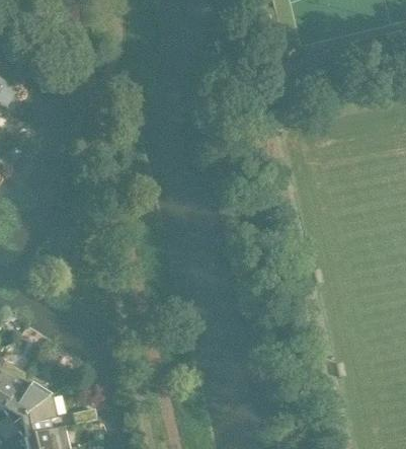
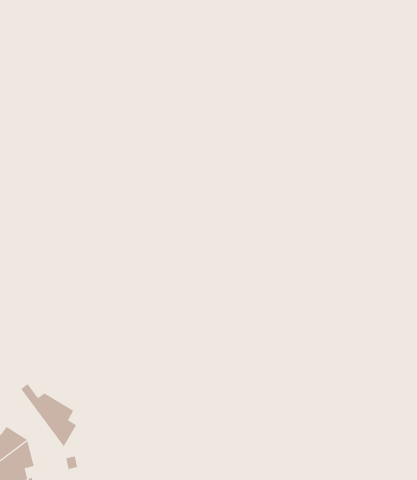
building: none -> [20,383,77,447]

